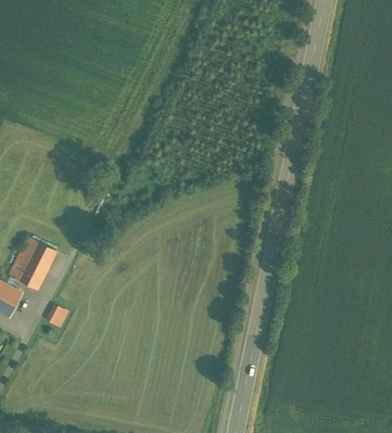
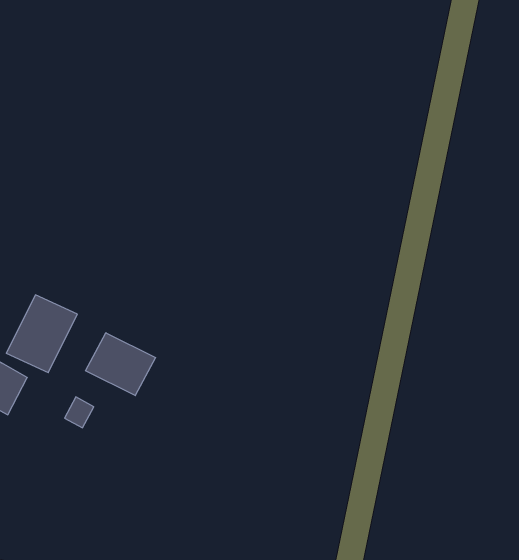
building: none -> [86,333,156,396]

